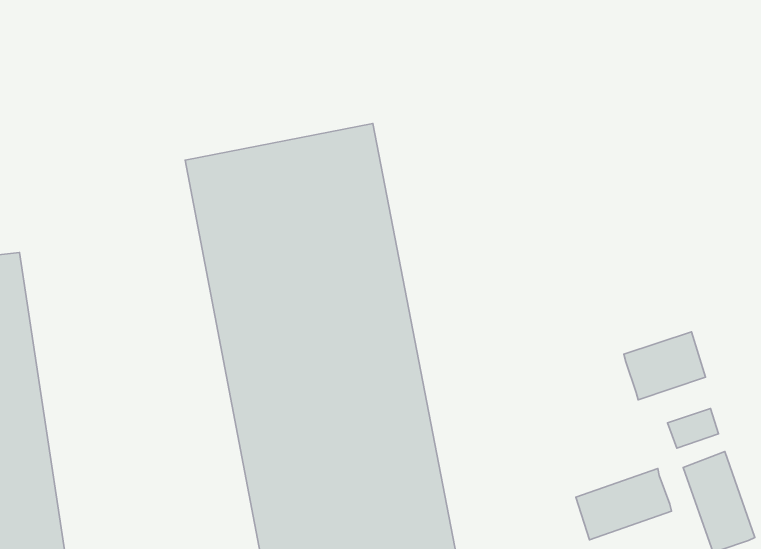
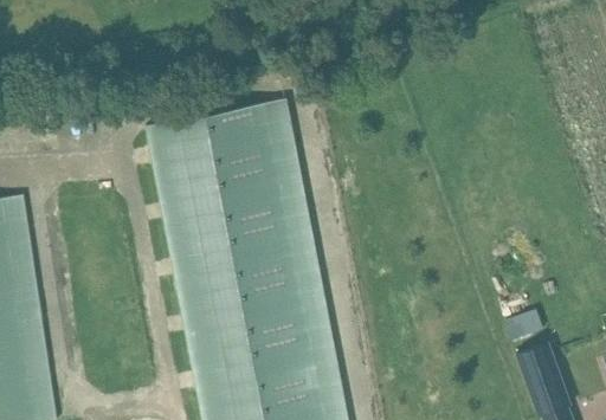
building: [624,332,706,400] -> none
building: [576,469,671,540] -> none

